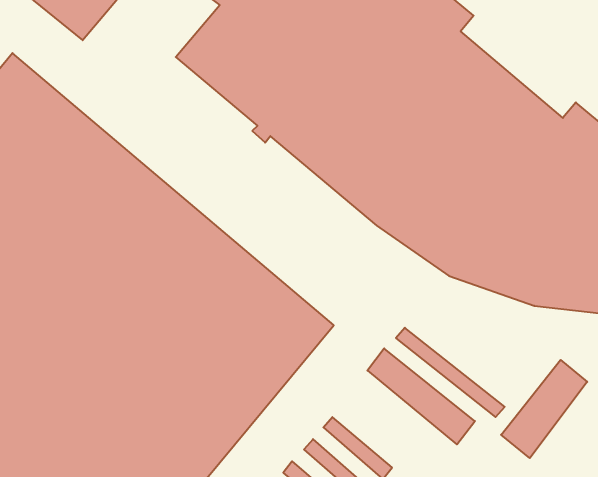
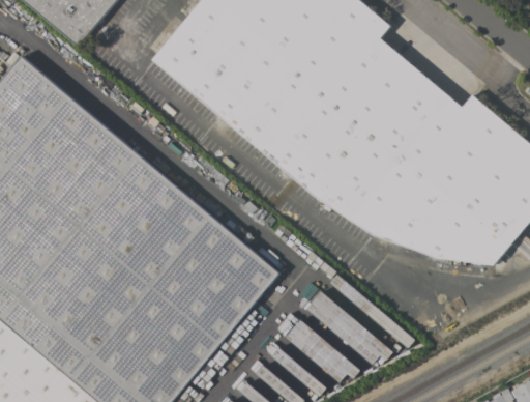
building: [501,360,587,458] -> none
building: none -> [284,320,359,382]

